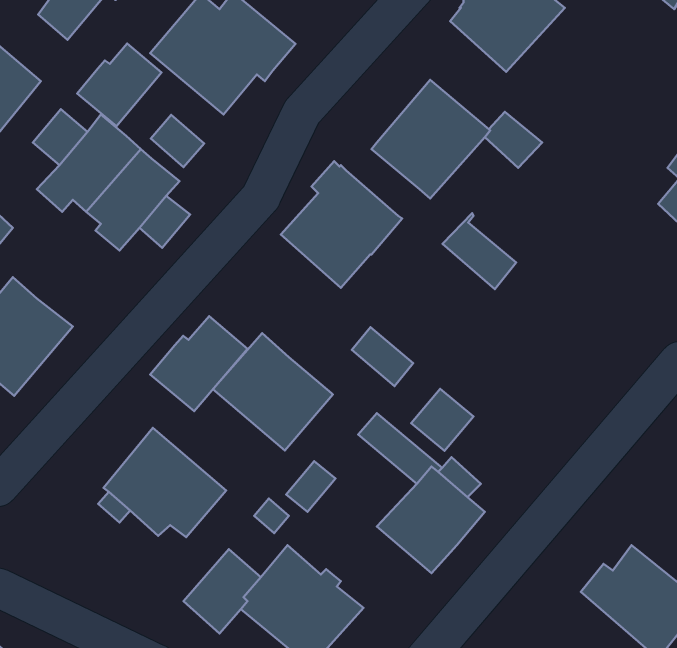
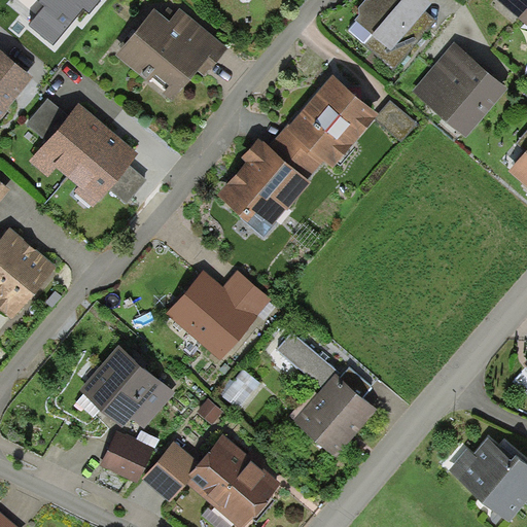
building: none -> [413,43,508,138]
building: [77,43,162,126] -> none
building: [151,115,204,167] -> none
building: [443,213,516,289] -> [268,121,324,180]
building: [150,316,247,411] -> none
building: [352,327,413,386] -> [223,272,271,317]
building: [411,389,473,451] -> none
building: none -> [100,430,153,483]

